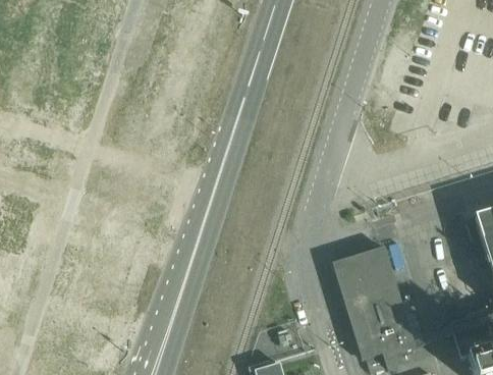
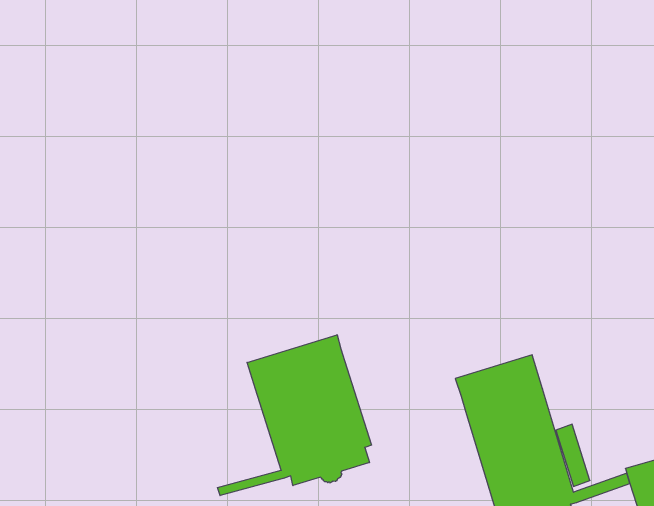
building: none -> [217,335,372,496]

